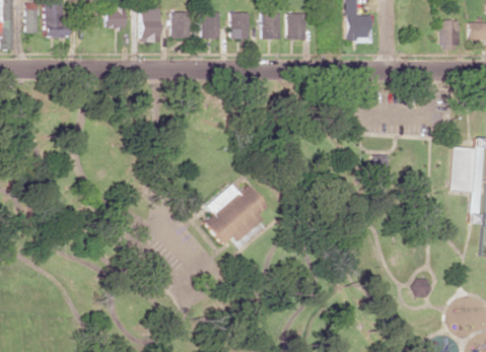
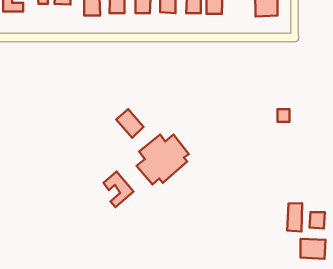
building: none -> [116,109,143,138]
building: none -> [104,172,134,207]
building: none -> [287,203,302,231]
building: none -> [301,239,325,259]

